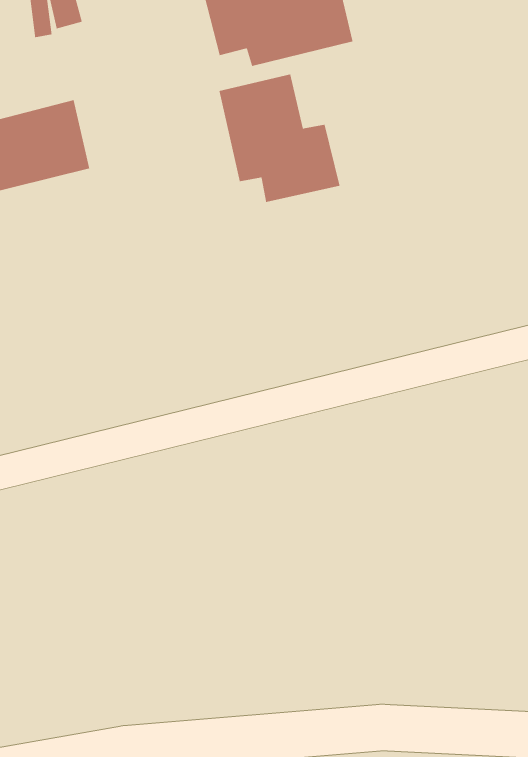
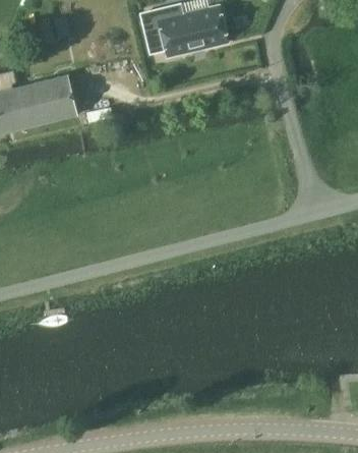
building: [219,73,340,203] -> none

